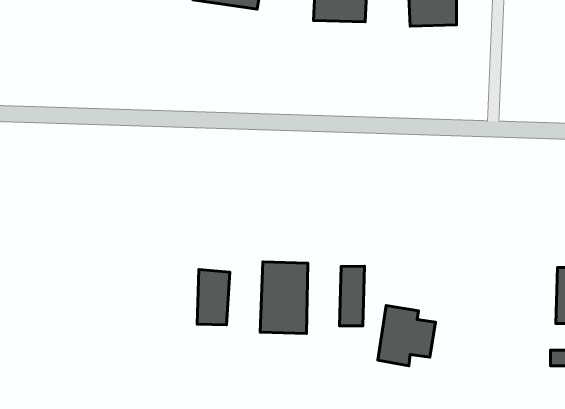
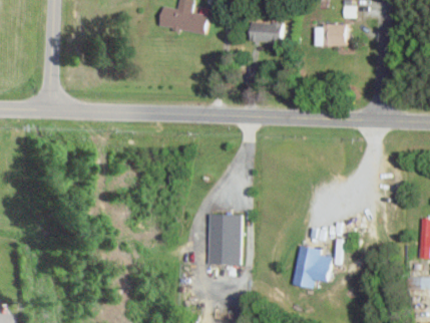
building: [339,266,365,326] -> none
building: [197,270,230,325] -> none

